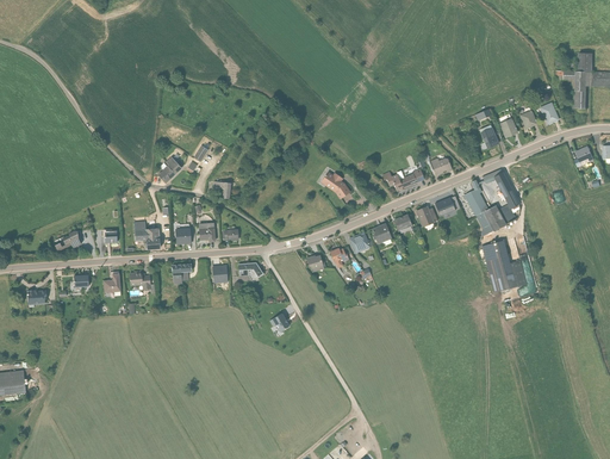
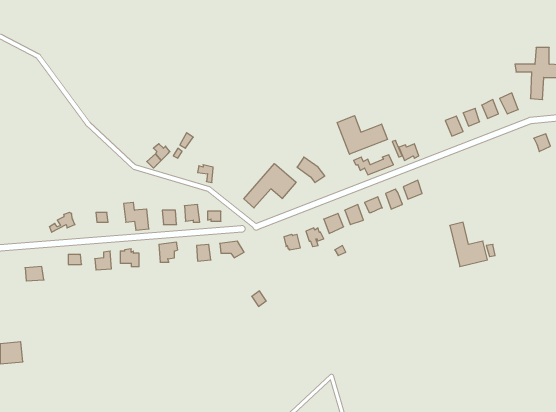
building: none -> [337,116,387,154]
building: [465,168,521,234] -> none
building: none -> [244,164,296,208]

